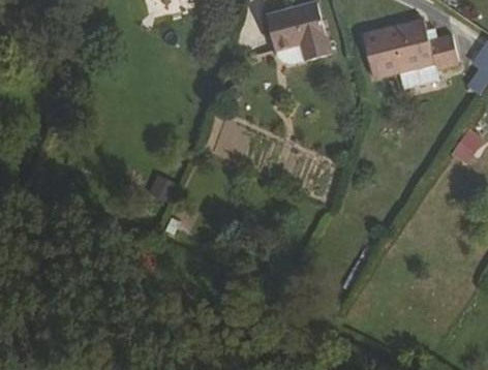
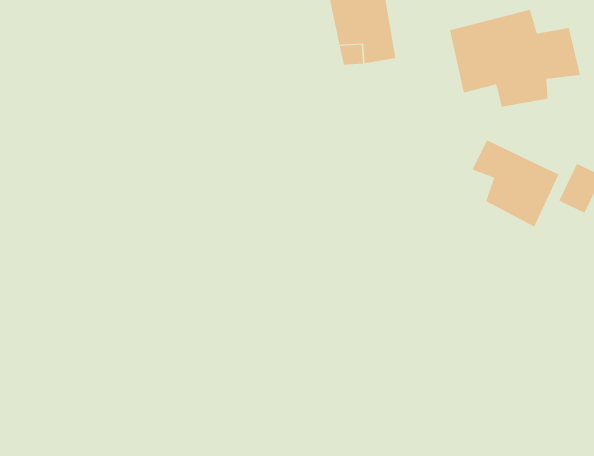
building: none -> [472,139,559,228]

